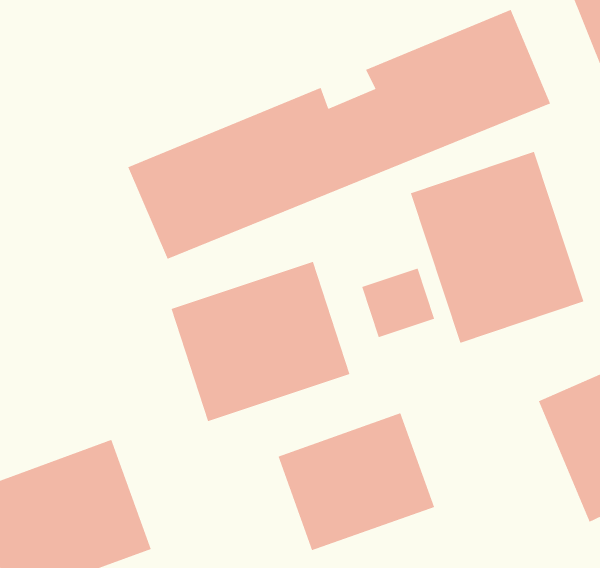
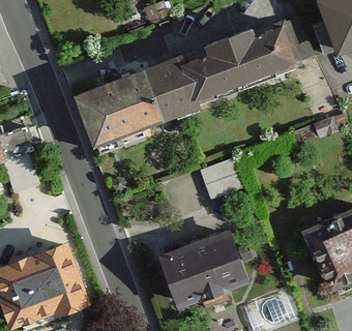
building: [410,151,585,344] -> none
building: [170,261,351,422] -> none

